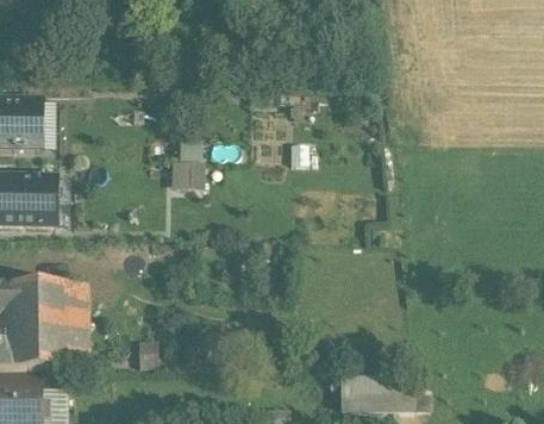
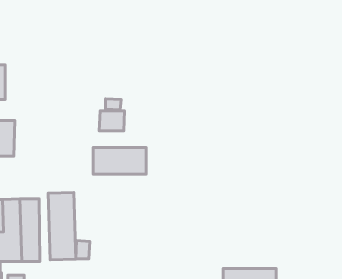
building: none -> [93,147,146,174]
building: none -> [48,193,76,260]

